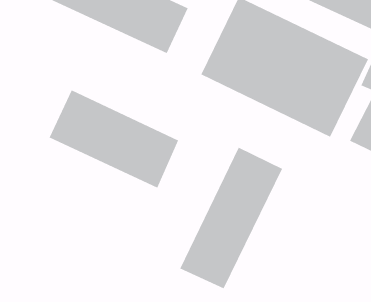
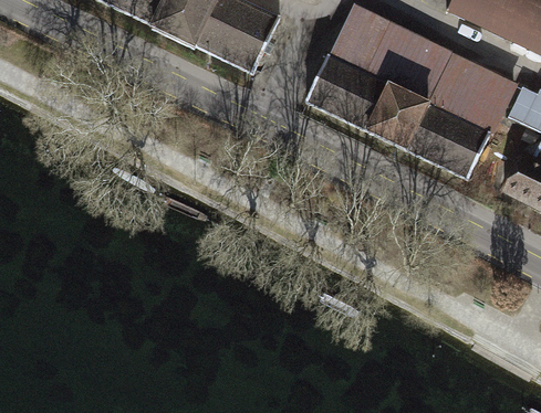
building: [49,90,179,188] -> none
building: [179,147,283,289] -> none

